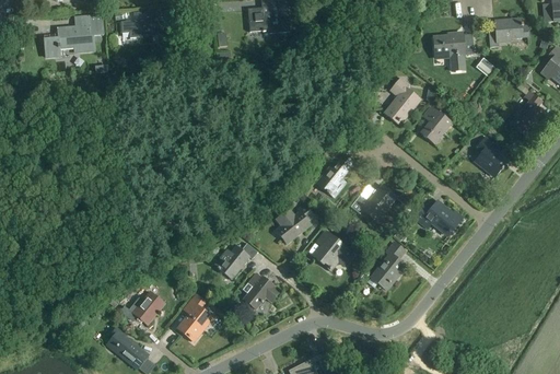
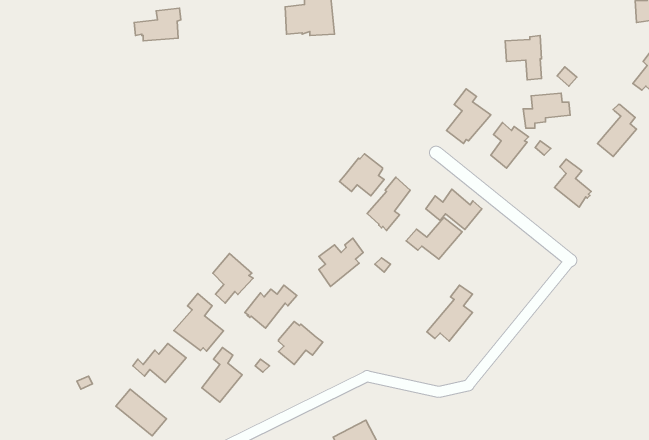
building: [45,15,103,57] -> none
building: [488,17,527,47] -> [523,93,570,128]
building: none -> [339,154,384,196]
building: [416,201,463,235] -> [426,189,482,229]
building: none -> [213,254,253,303]
building: [315,230,353,269] -> none
building: none -> [174,293,223,351]

